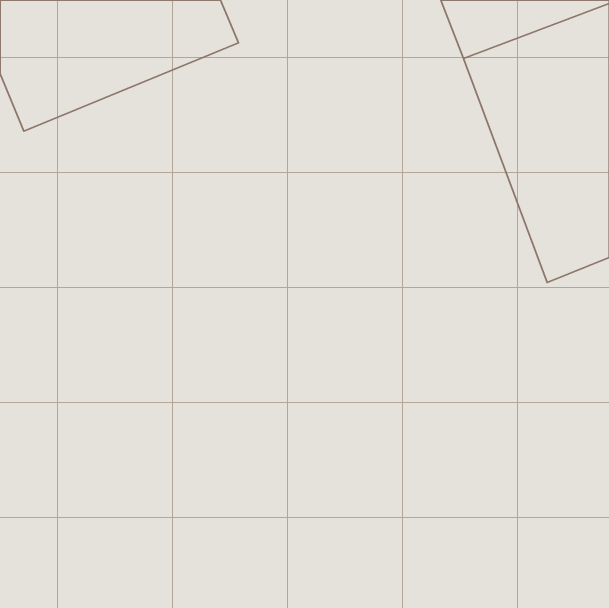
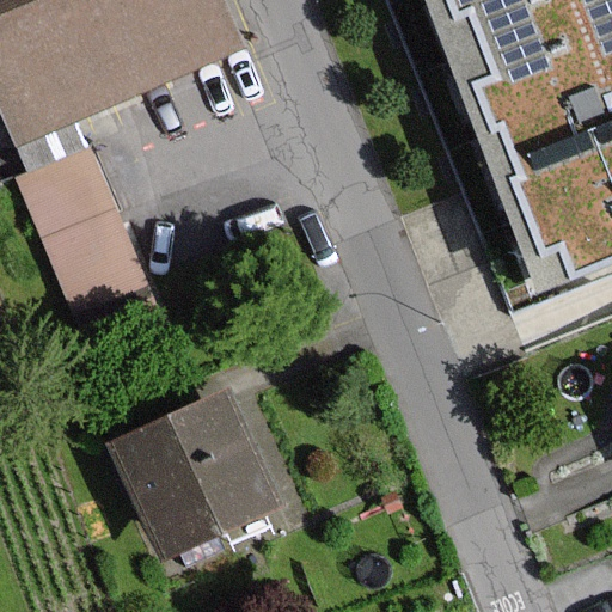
building: none -> [25,127,143,304]
building: none -> [117,396,279,556]

